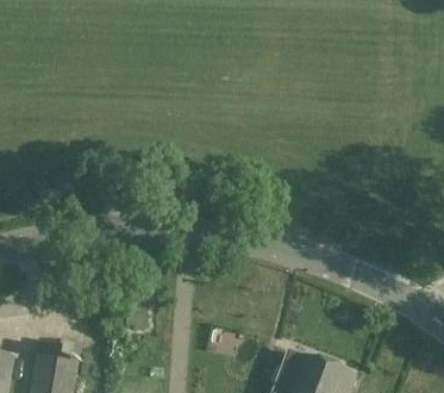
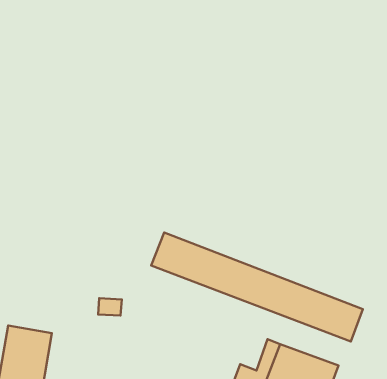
building: none -> [151,233,363,341]

